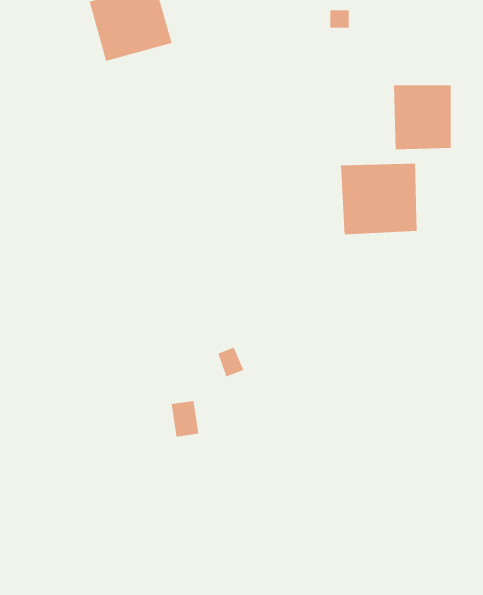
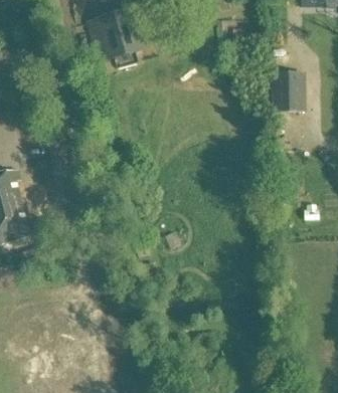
building: [341,163,417,235] -> none

